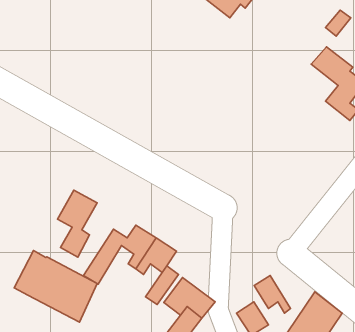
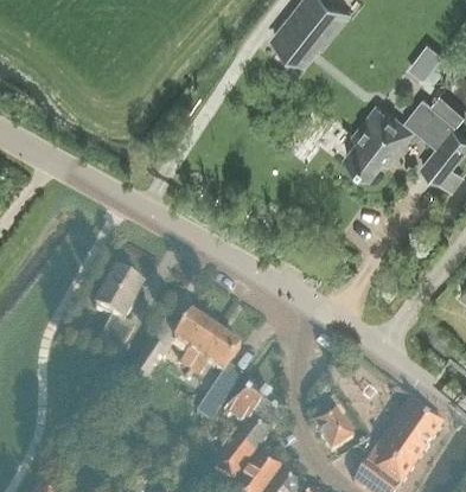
building: none -> [346,107,414,175]
building: [14,251,97,322] -> none
building: [254,276,291,313] -> none

